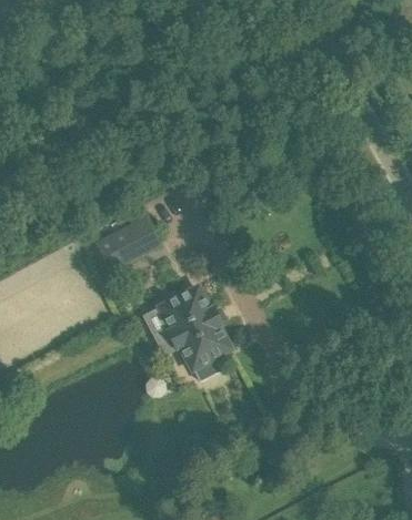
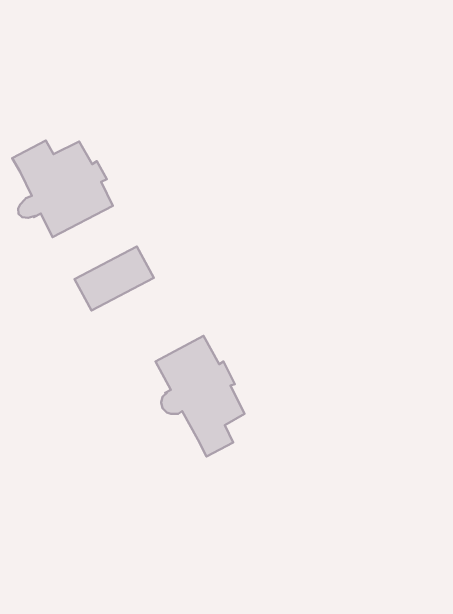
building: none -> [12,141,113,237]

